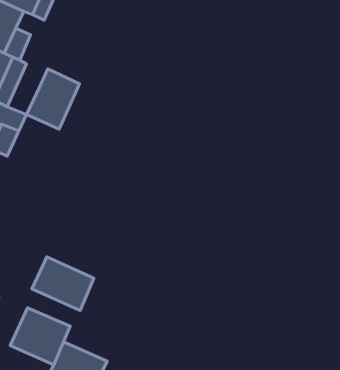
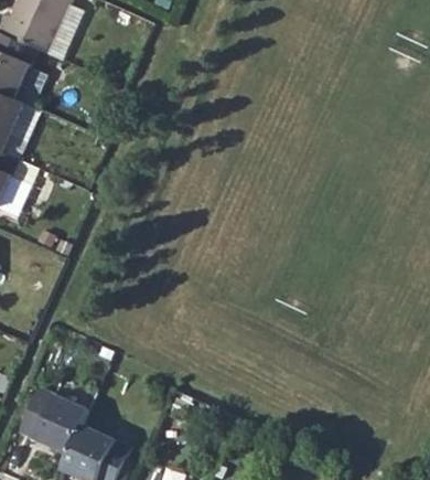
building: [27,69,79,129] -> none
building: [32,257,94,310] -> none

